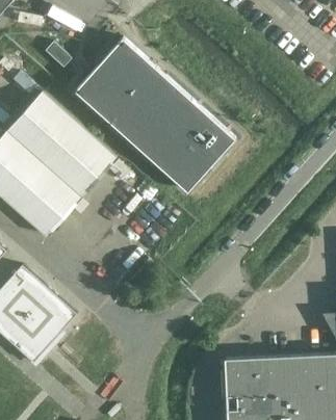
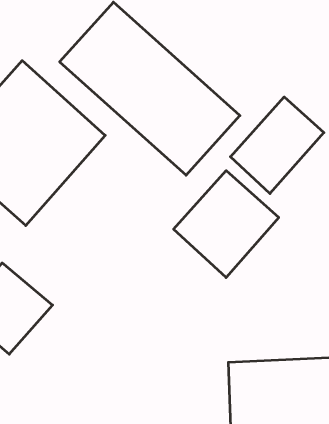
building: none -> [230,97,324,194]
building: none -> [174,171,279,278]

